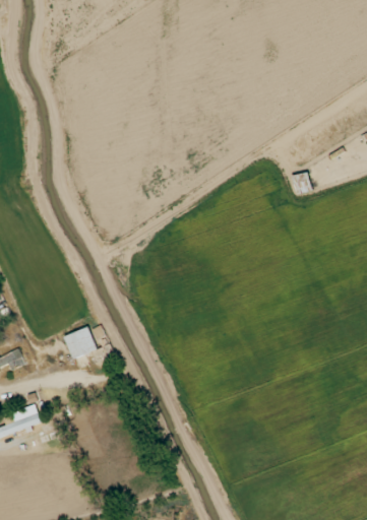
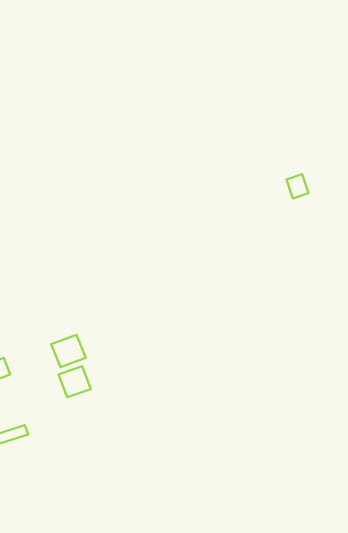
building: none -> [59,366,91,397]

